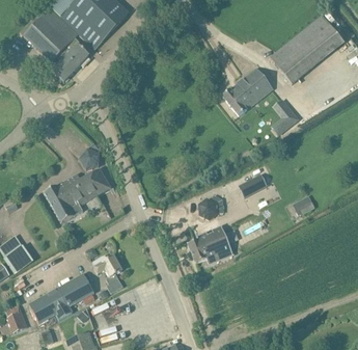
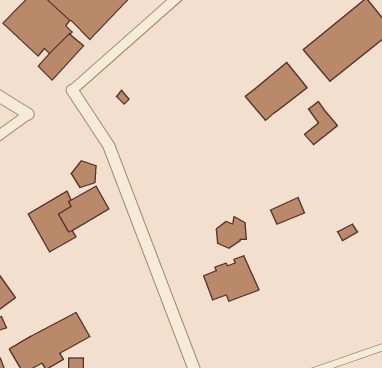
building: [93,254,122,293] -> none

